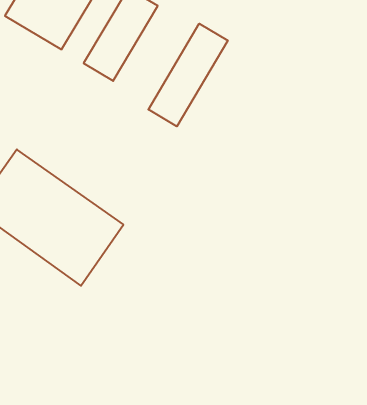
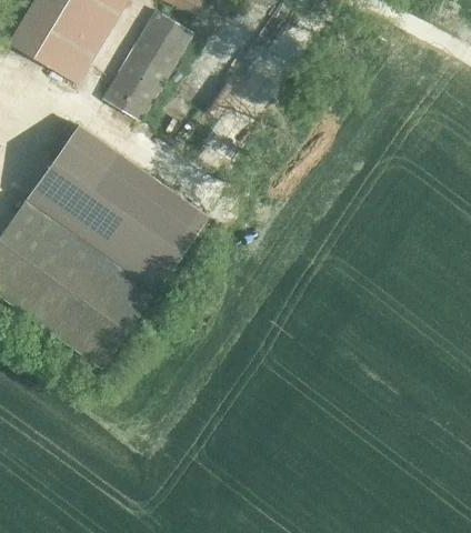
building: [148,24,228,126] -> none
building: none -> [30,124,207,285]

